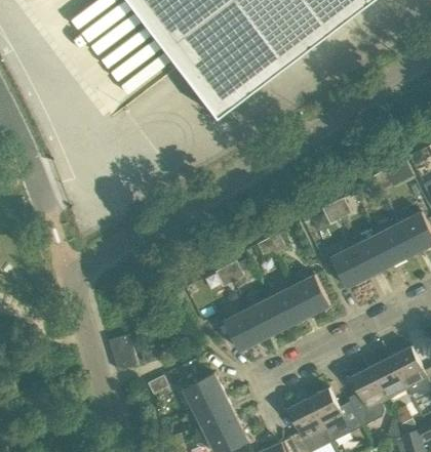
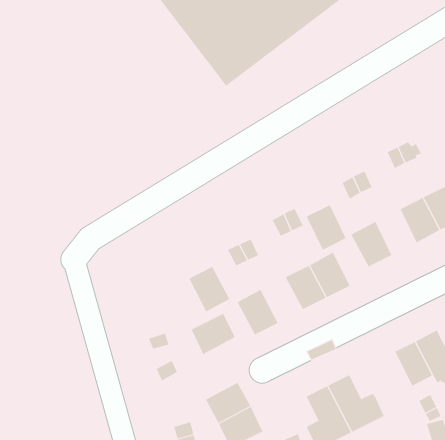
building: [354,233,392,276] -> [306,204,346,250]
building: [246,296,285,339] -> [188,266,230,312]
building: [109,334,139,371] -> none
building: [351,366,388,426] -> none
building: [183,372,225,411] -> [191,313,236,355]

